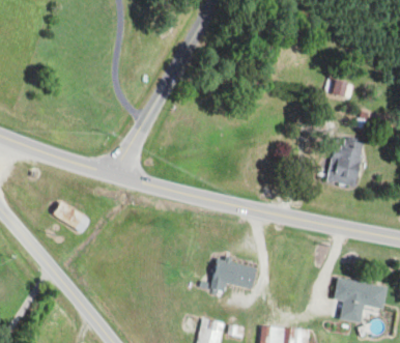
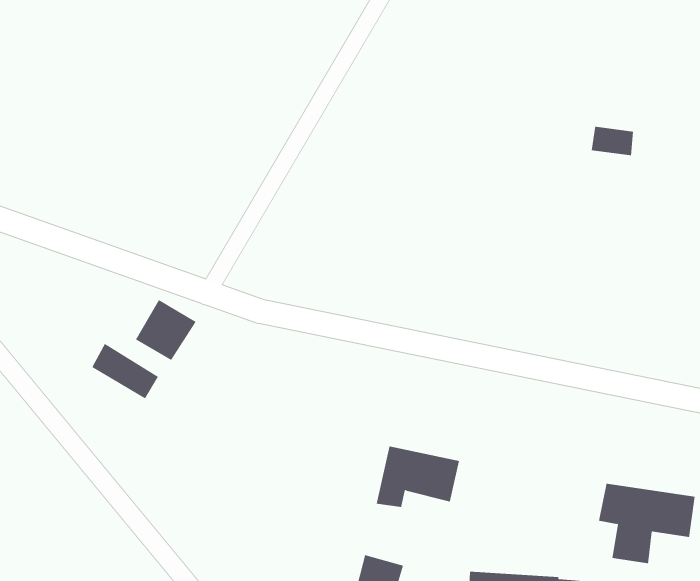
building: [327,138,363,184] -> none
building: none -> [135,299,197,361]

